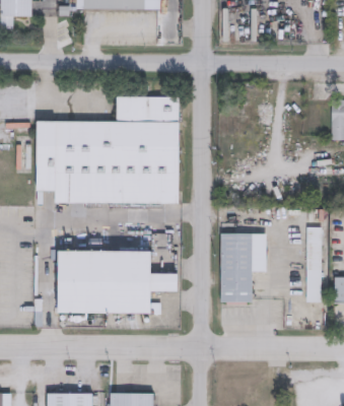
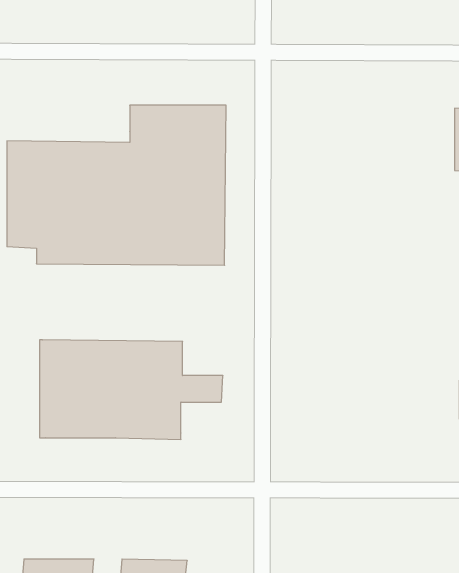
building: [309,226,324,303] -> none
building: [220,234,266,302] -> none

